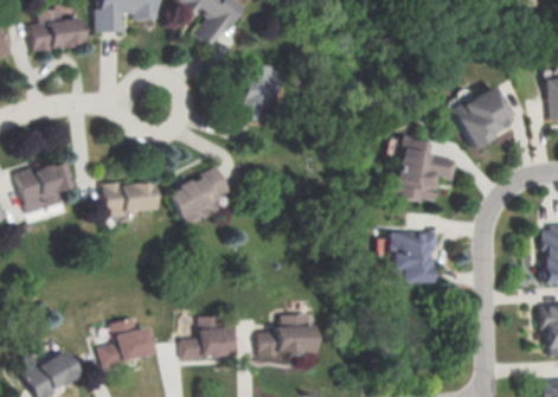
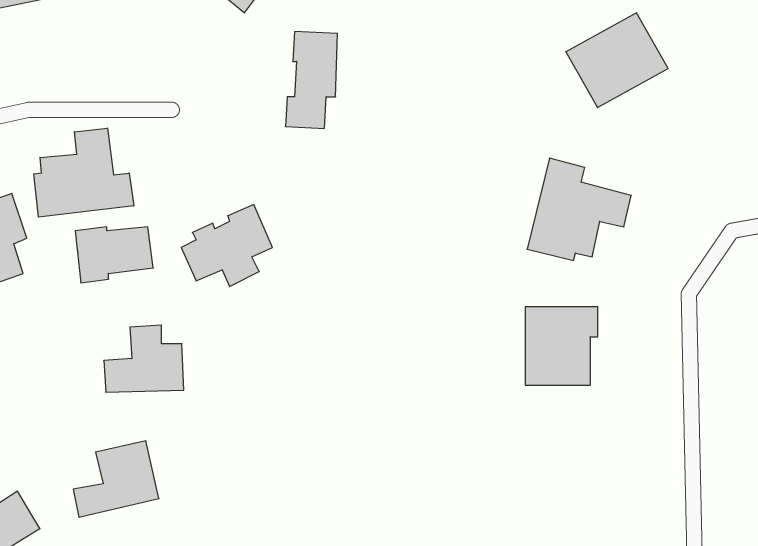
building: [451,85,517,146] -> [566,13,668,108]
building: none -> [34,128,134,217]
building: [261,314,314,356] -> none
building: [185,316,236,359] -> [104,325,184,392]

